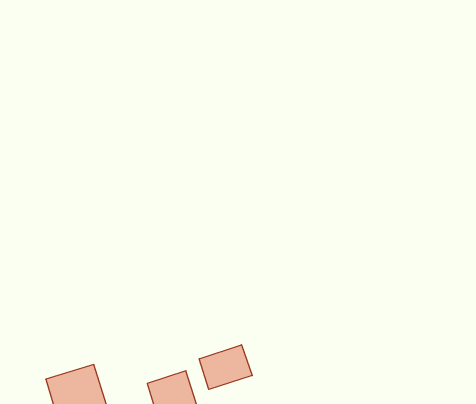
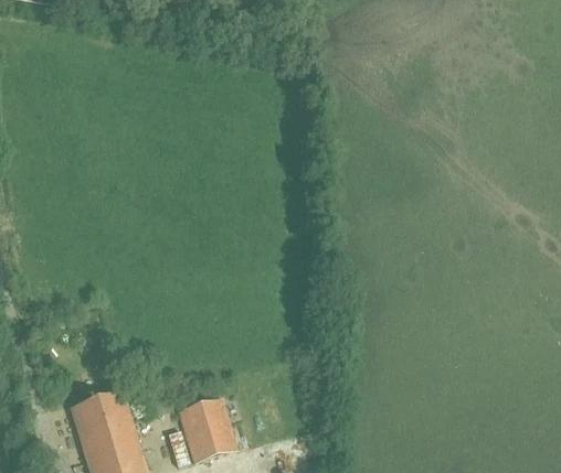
building: [199,345,252,389] -> none

